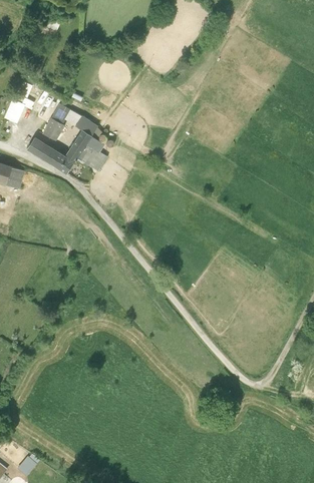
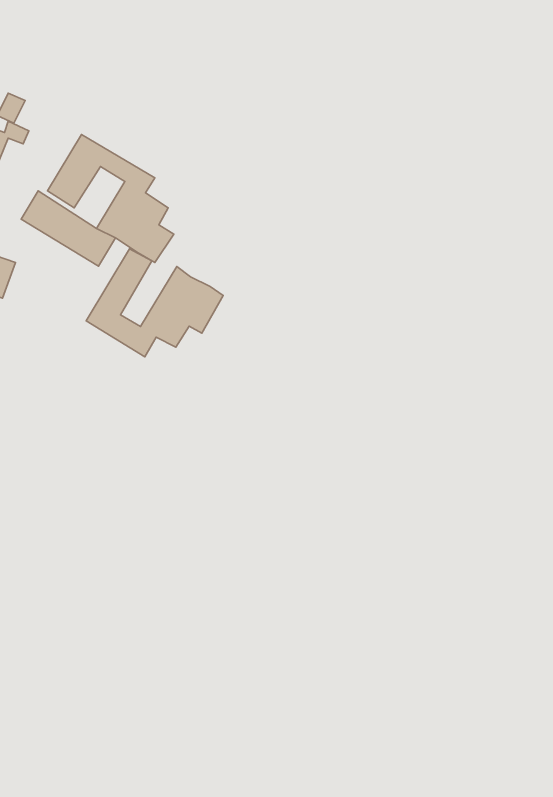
building: none -> [86,249,223,357]

